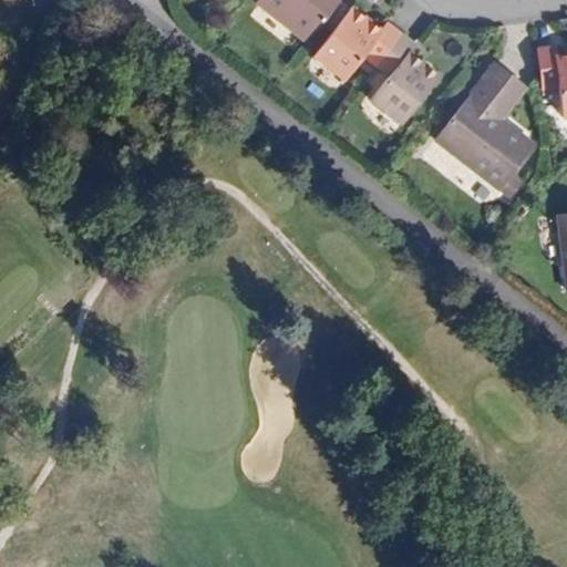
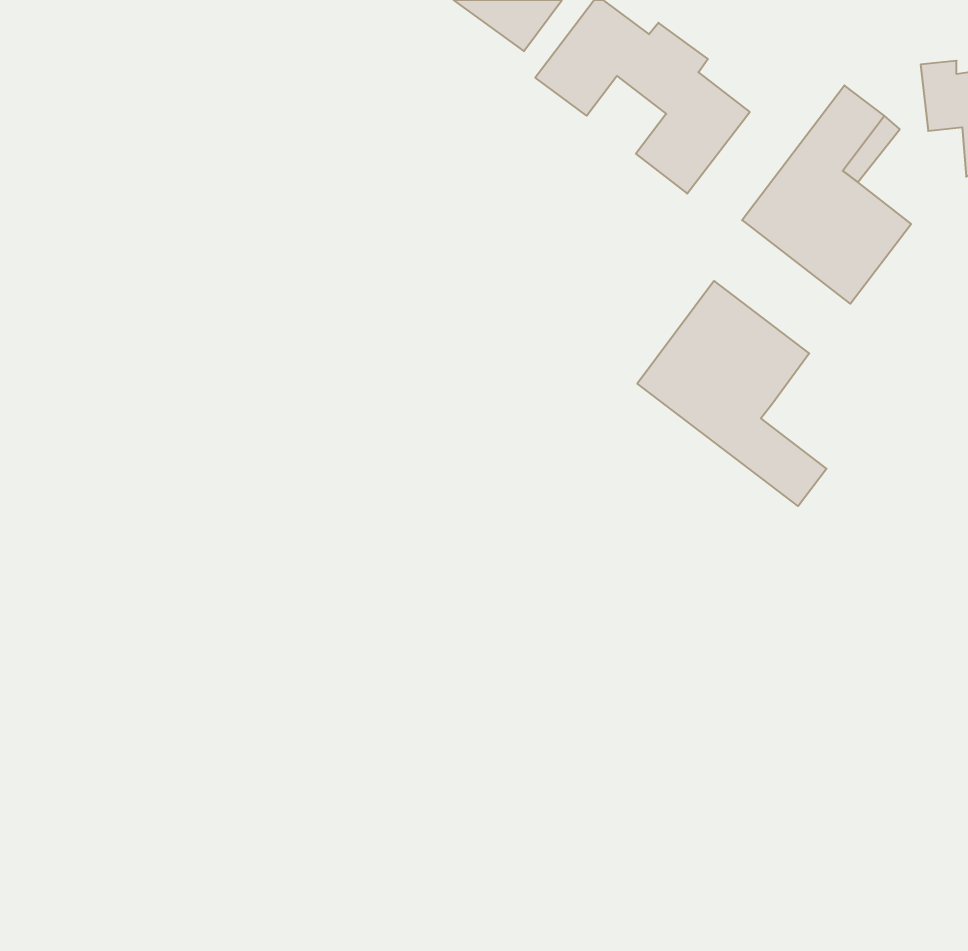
building: none -> [637,281,827,506]

